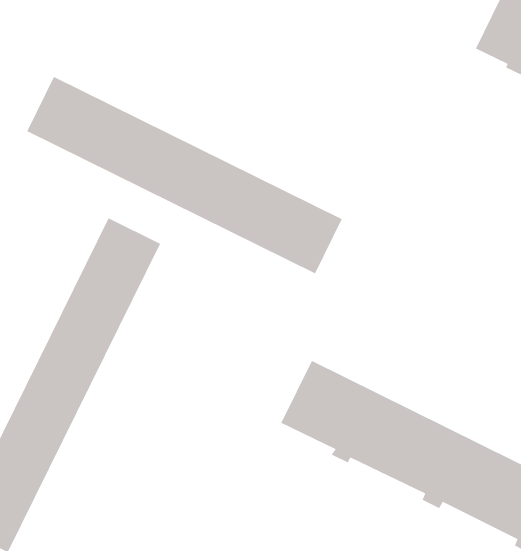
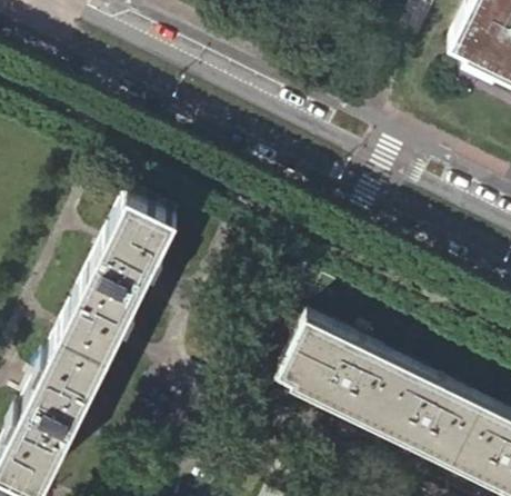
building: [26,76,343,275] -> none

